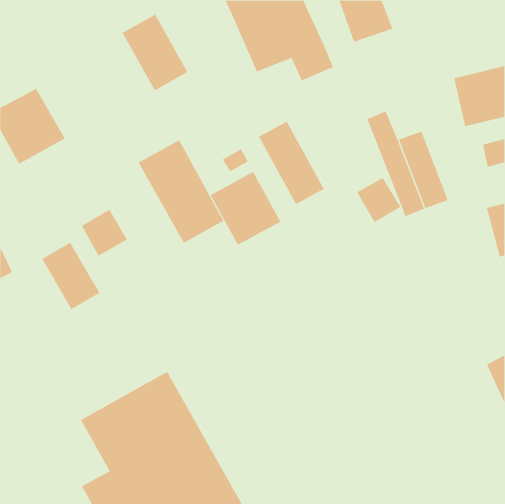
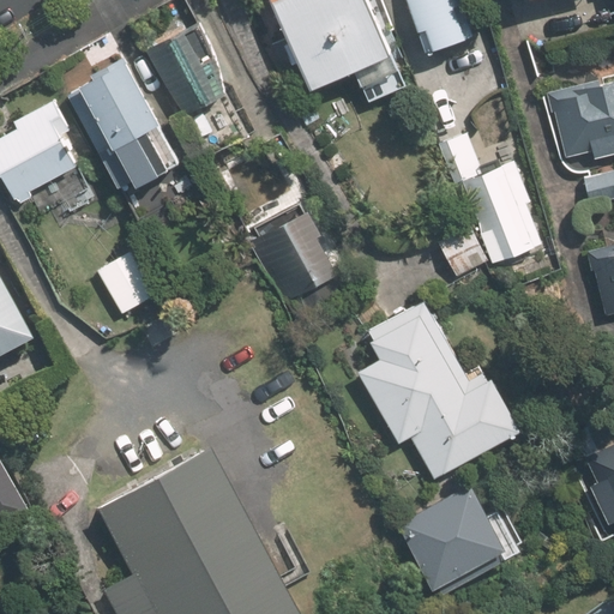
building: [258,121,324,205] -> none
building: [138,140,224,244] -> [77,60,181,186]
building: [41,242,100,310] -> none
building: none -> [357,300,512,474]
building: none -> [402,488,512,592]

